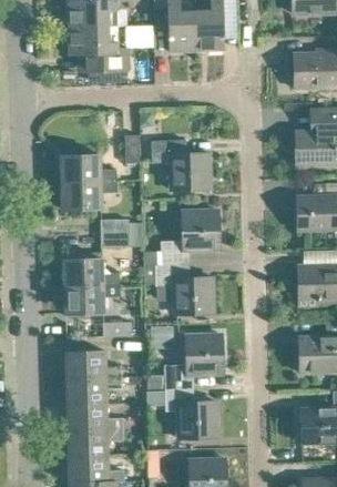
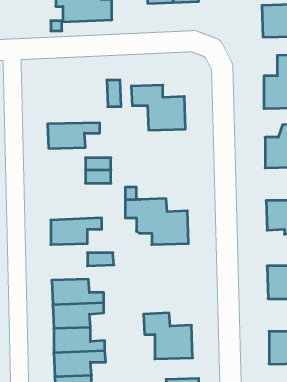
building: [60,155,116,183] -> none
building: [160,211,218,265] -> none
building: [62,258,119,287] -> none
building: [147,335,222,389] -> none

